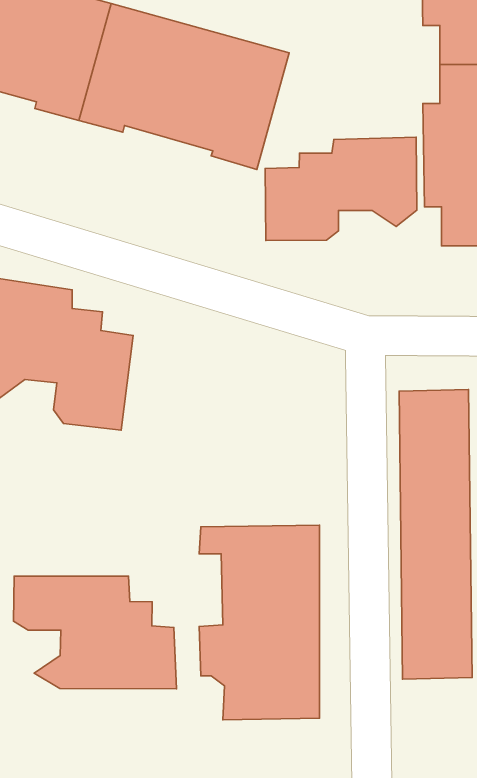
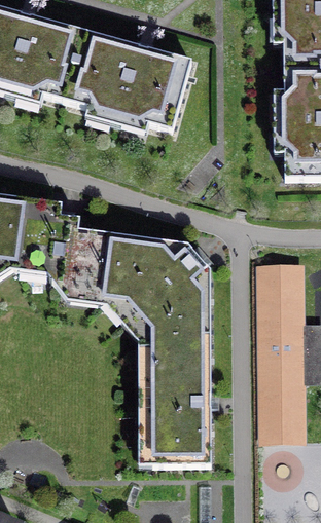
building: [265,137,417,240] -> none
building: none -> [91,233,211,349]
building: [14,576,177,689] -> none

